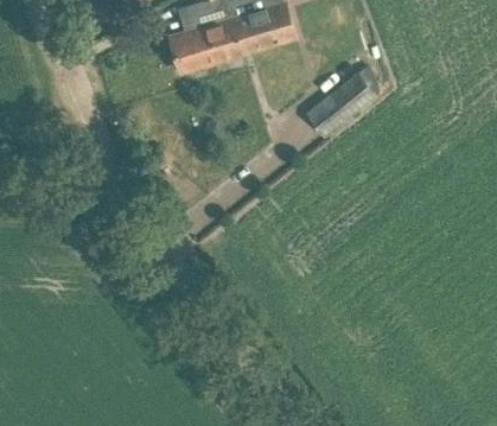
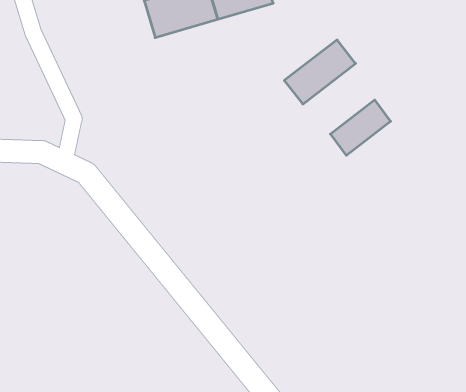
building: none -> [330,100,391,155]

